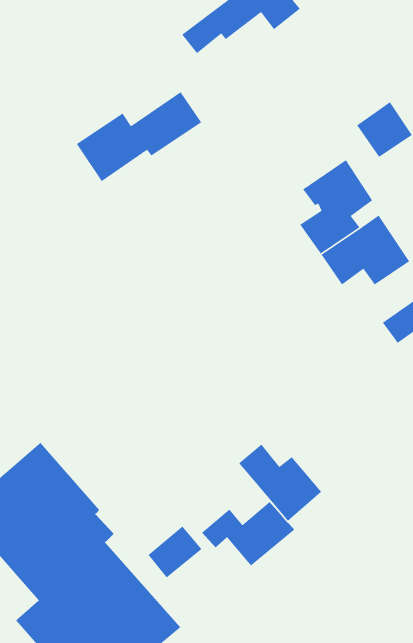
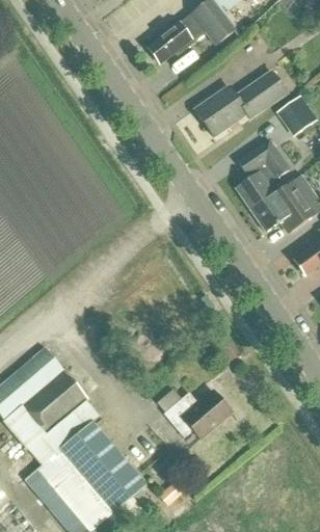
building: [76,91,202,182] -> [194,71,287,137]
building: [238,444,322,522] -> none
building: [147,525,202,579] -> none

